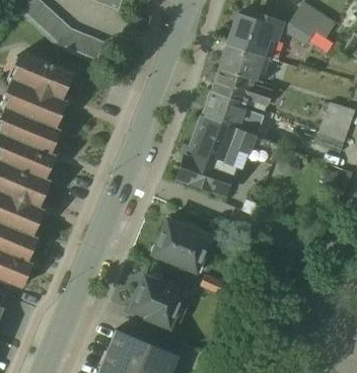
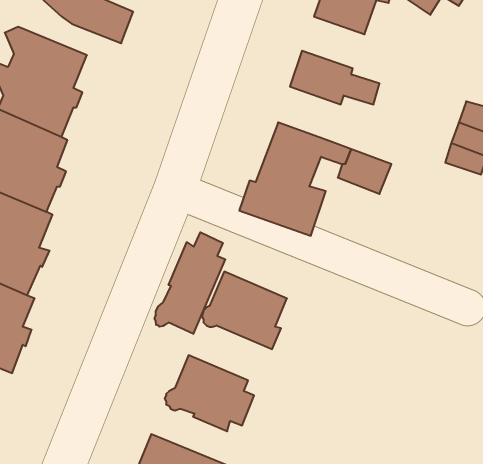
building: [219,45,262,80] -> none
building: [203,92,249,129] -> none
building: none -> [155,232,225,334]

